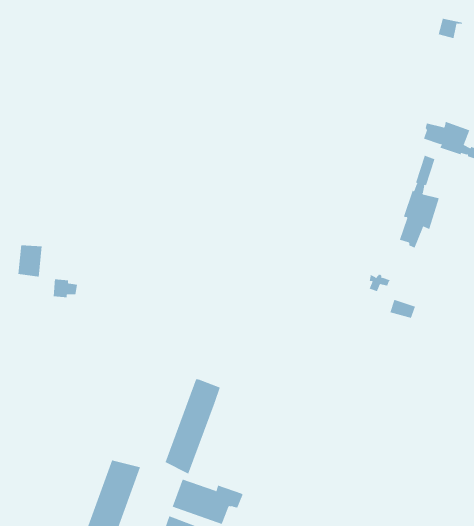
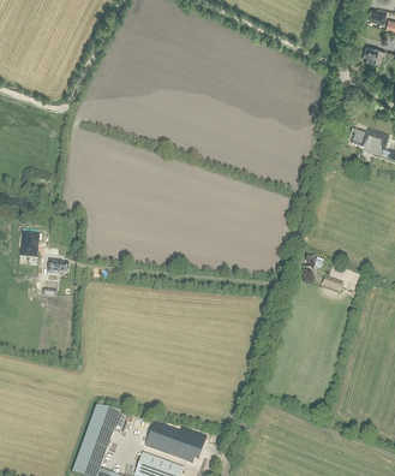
building: [399,155,439,248] -> none
building: [165,378,220,475] -> none

